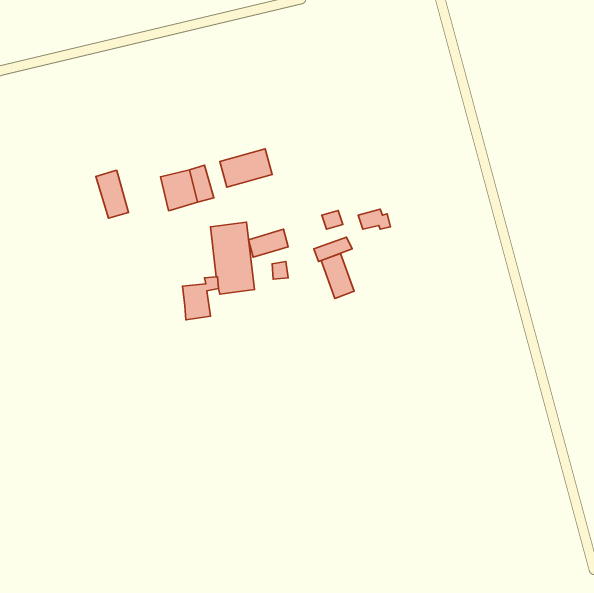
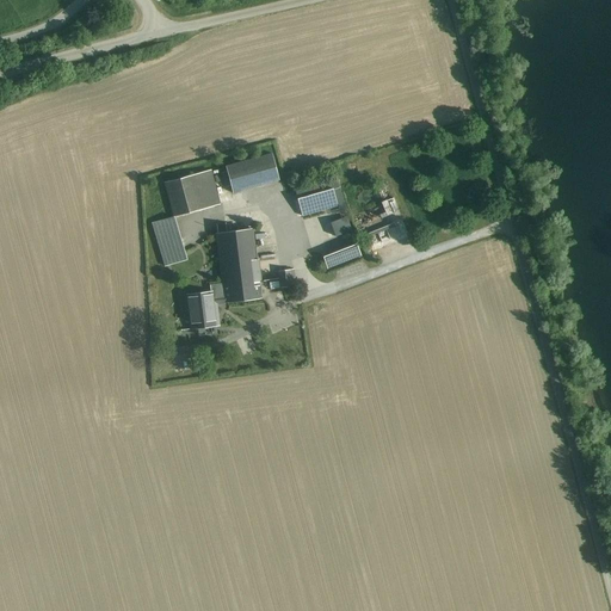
building: [96,171,128,218] -> [153,216,186,265]
building: [249,229,288,257] -> [297,187,338,216]
building: [321,253,354,299] -> none

